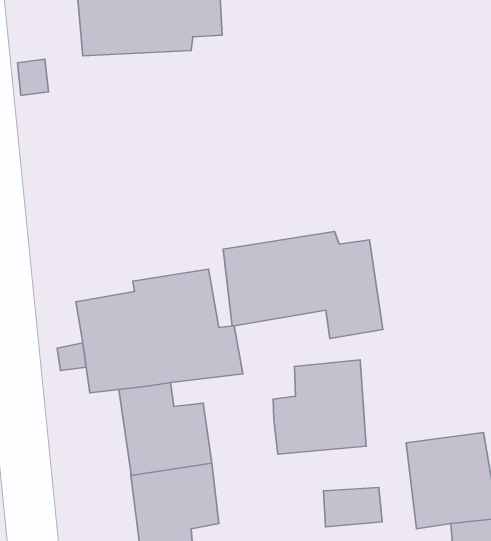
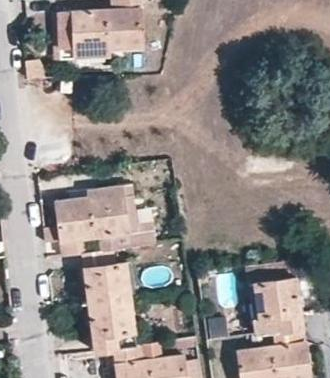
building: [223,231,383,339] -> none
building: [273,360,366,454] -> none

